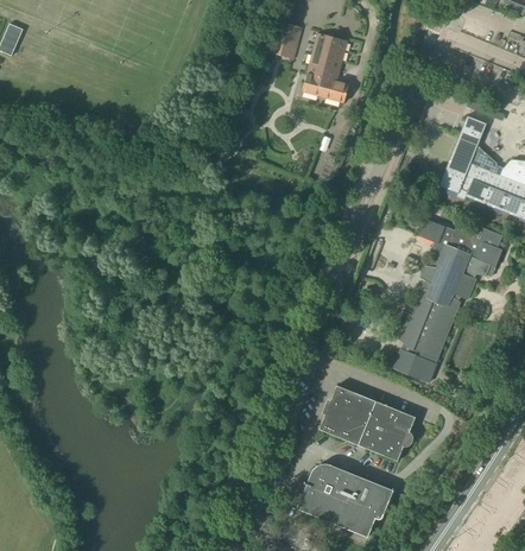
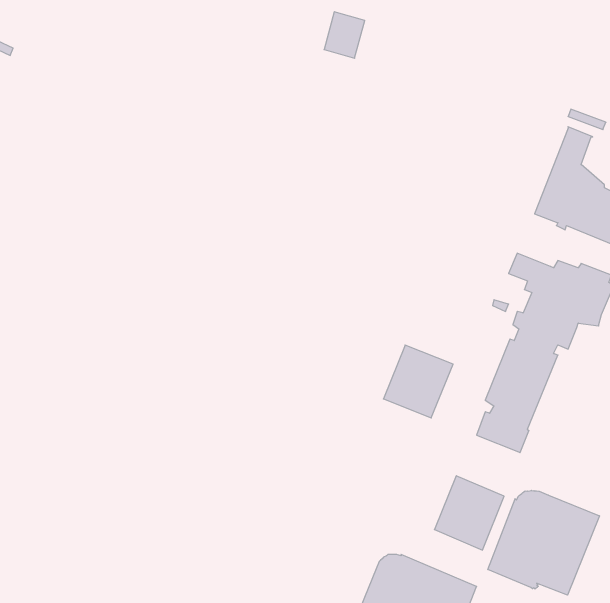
building: [304,33,350,102] -> none
building: [320,385,377,444] -> [383,345,453,418]
building: none -> [488,490,599,595]

